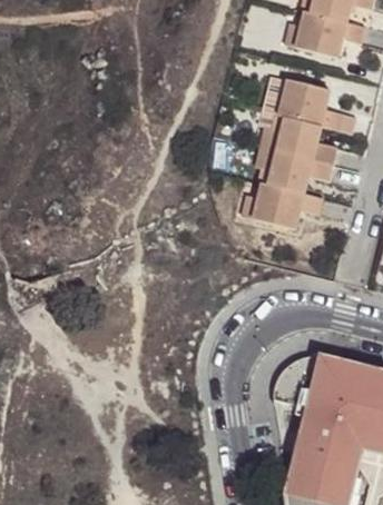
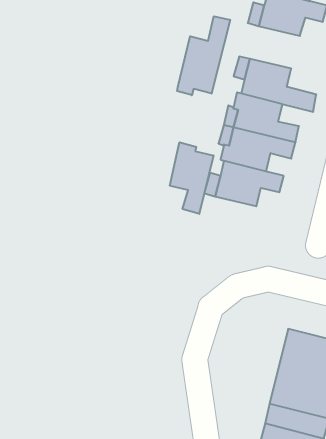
building: none -> [177,16,230,95]
building: none -> [170,142,213,214]

